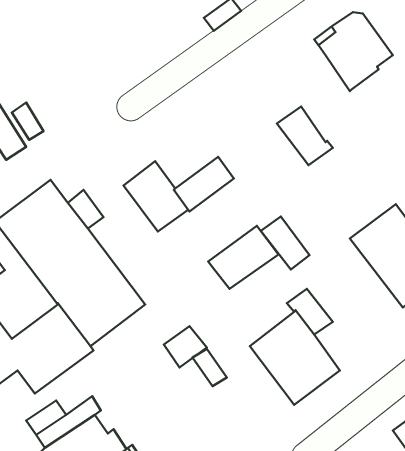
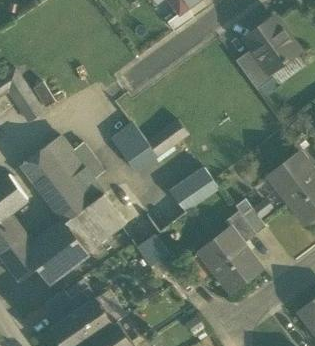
building: [277,106,333,165] -> [234,48,273,89]
building: [261,217,309,270] -> [235,197,269,234]
building: none -> [145,196,185,233]

